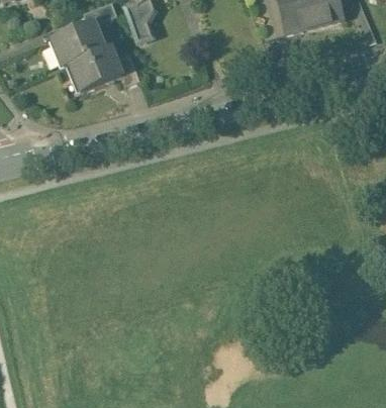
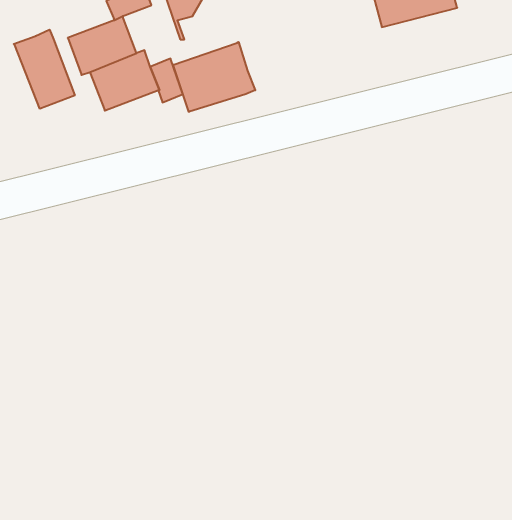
building: none -> [14,30,75,109]
building: none -> [173,42,255,112]

